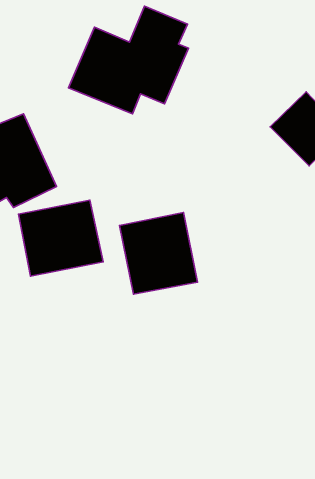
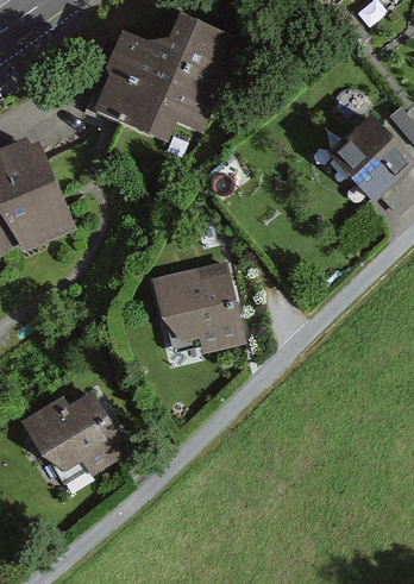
building: [18,200,103,276] -> none
building: none -> [21,391,127,481]

